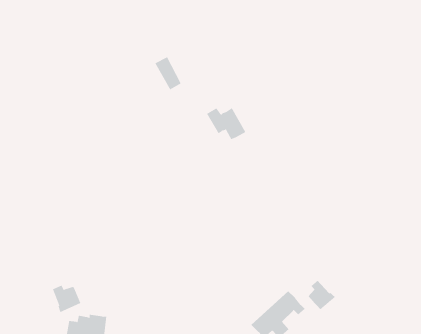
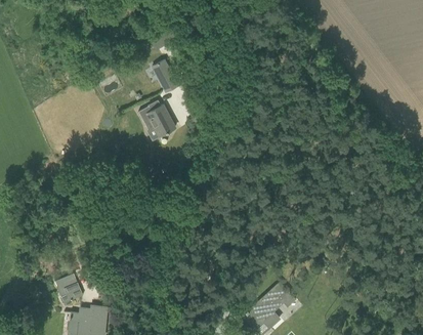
building: [206,107,246,140] -> [138,103,176,134]
building: [308,280,336,310] -> none

